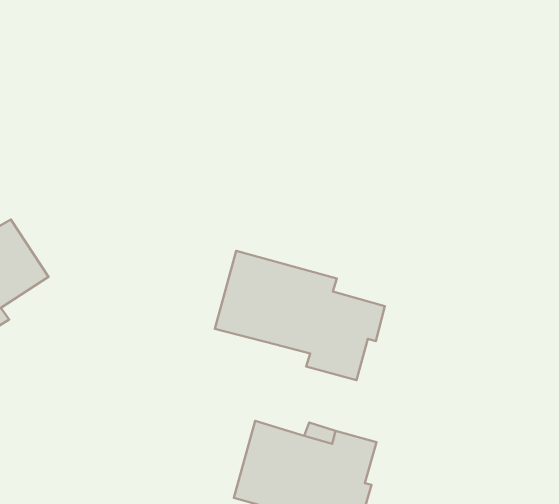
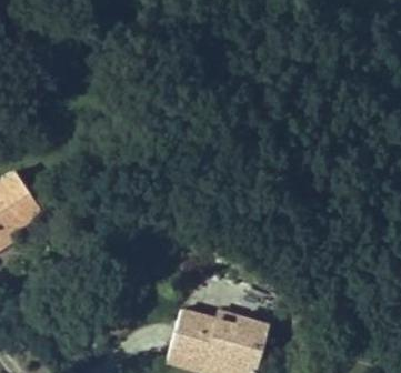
building: [215,251,385,380] -> none

